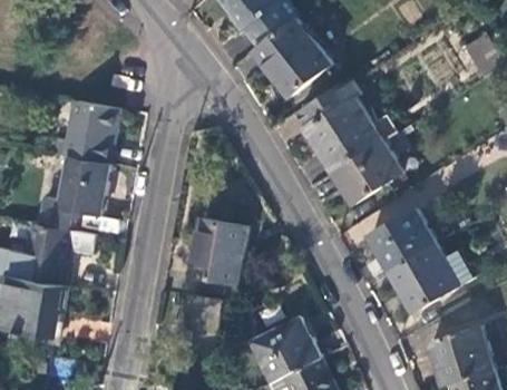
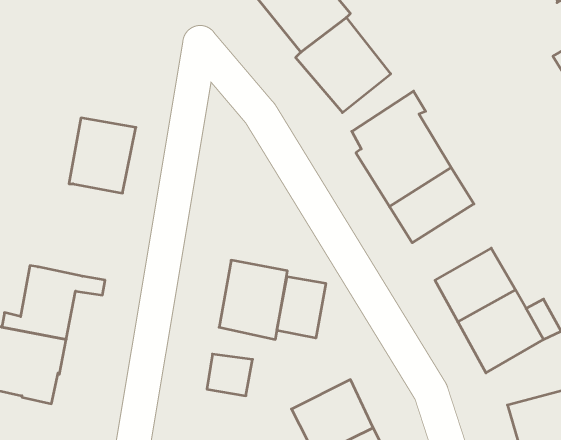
building: [40,156,110,233] -> none
building: none -> [277,277,326,338]

